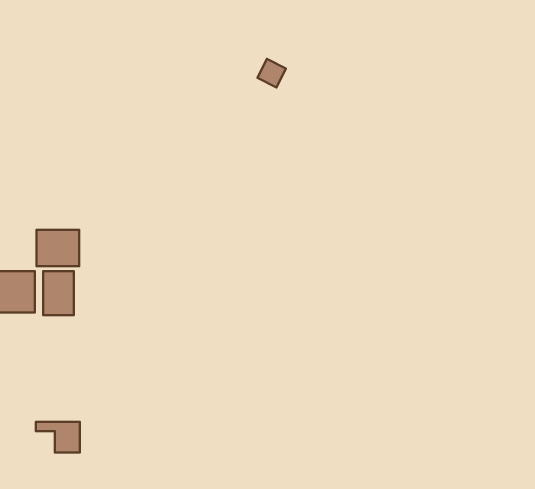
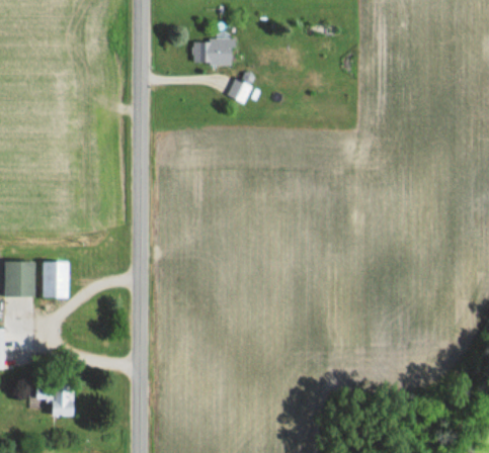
building: none -> [192,40,233,66]
building: [37,230,79,266] -> none

